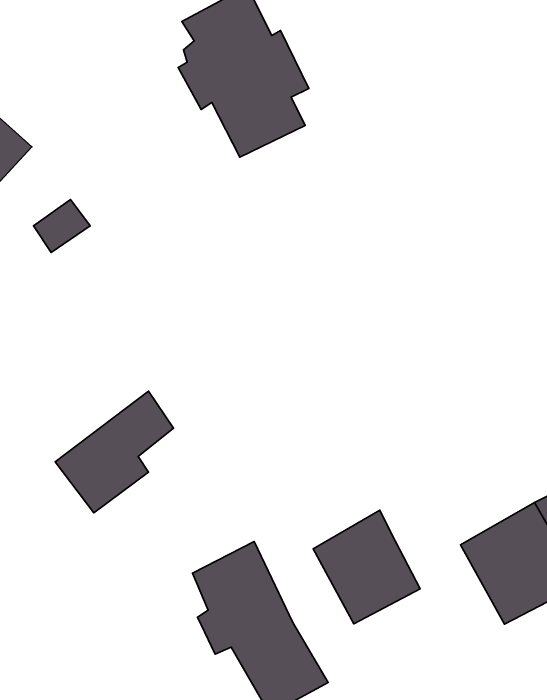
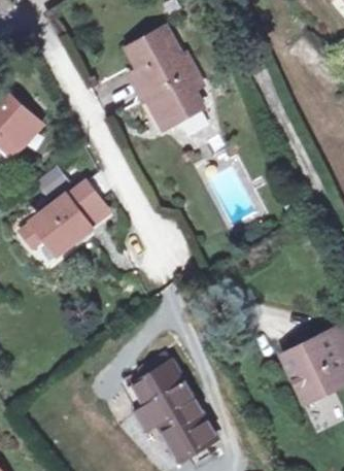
building: [55,391,173,513] -> [31,180,100,251]
building: [313,510,420,624] -> none

